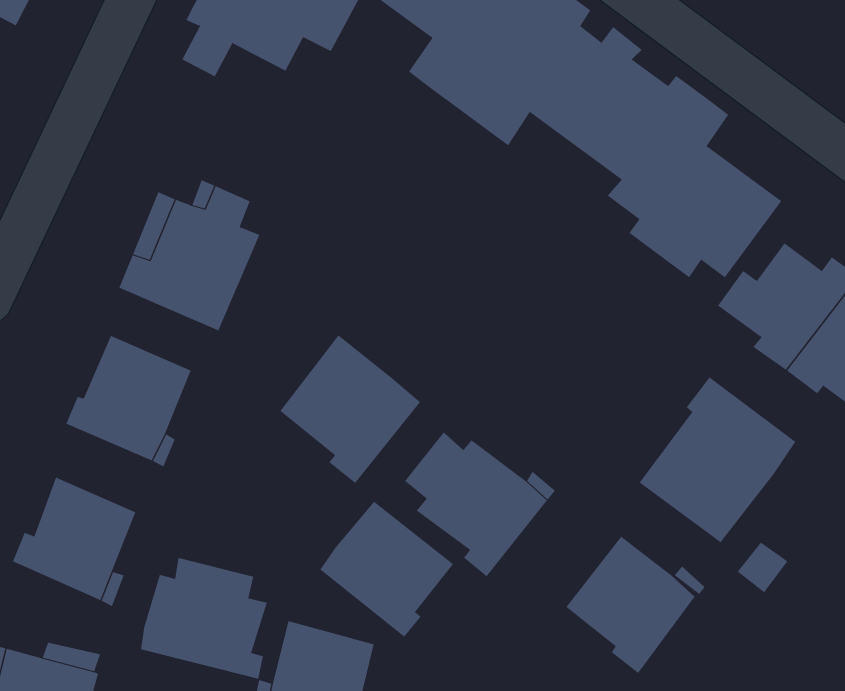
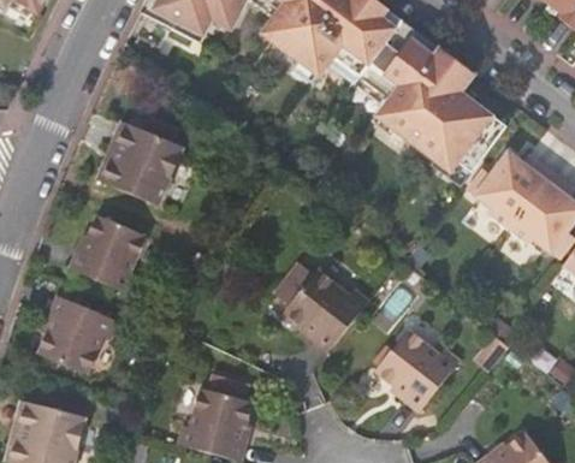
building: [279,334,421,484] -> none
building: [639,376,796,543] -> none
building: [319,501,454,638] -> none
building: [140,557,267,680] -> none

